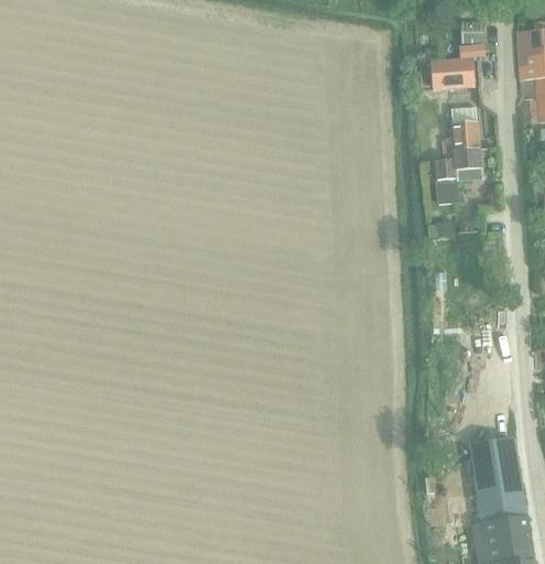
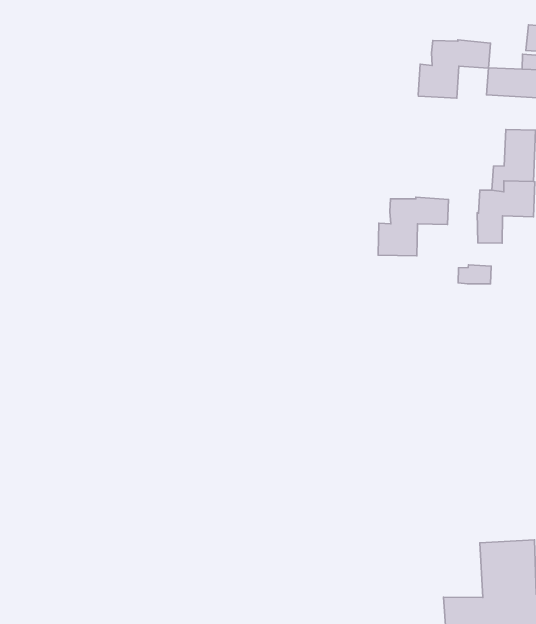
building: none -> [418,40,490,98]
building: none -> [378,197,449,256]

